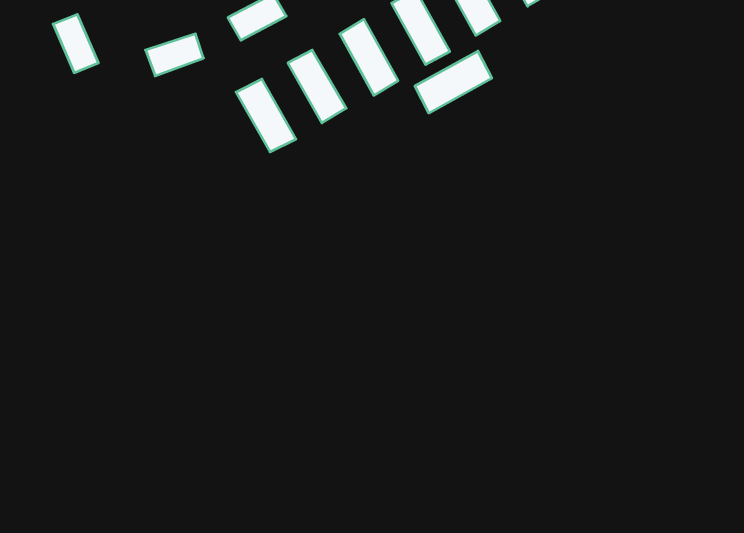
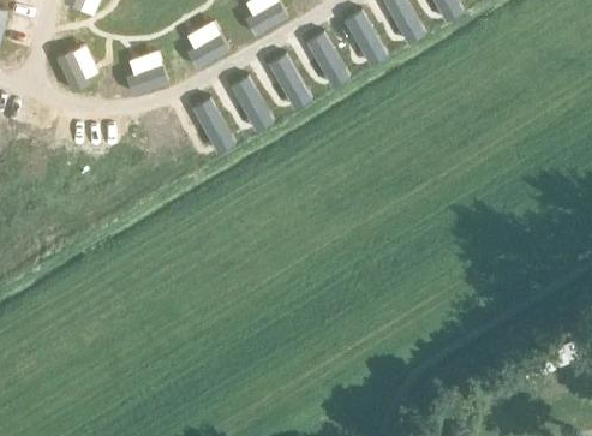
building: [415,51,492,113] -> none

